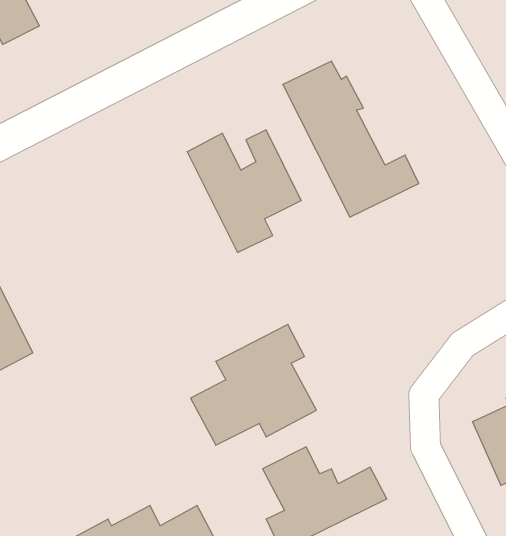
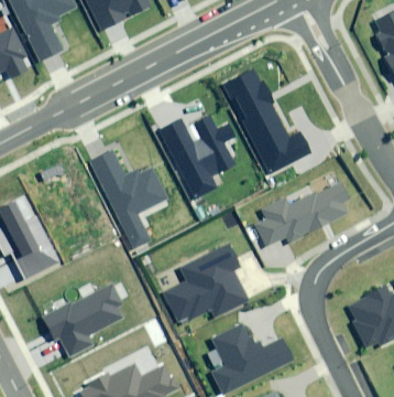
building: none -> [89,149,167,246]
building: none -> [254,182,350,247]
building: none -> [44,281,122,355]

